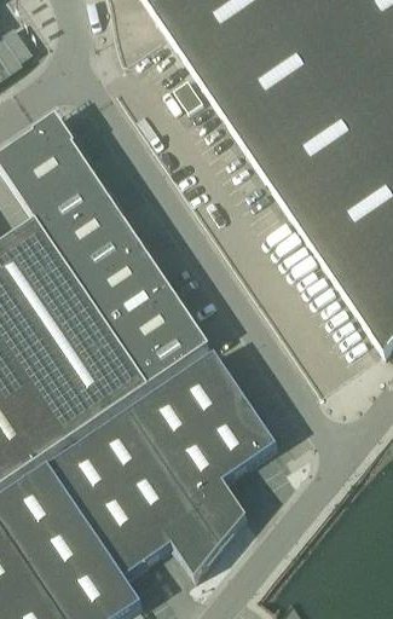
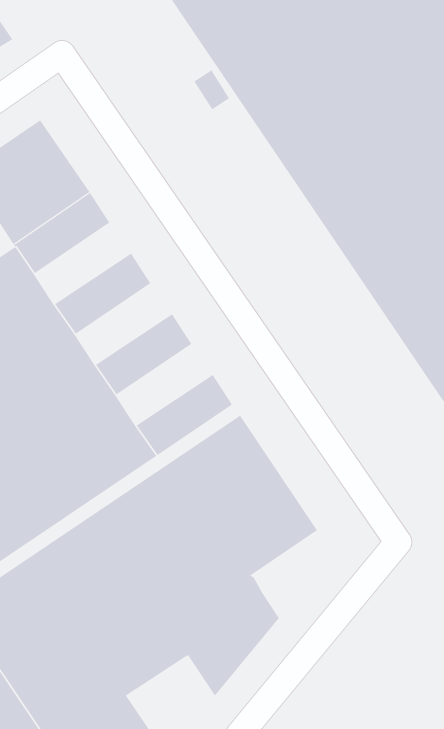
building: [50,198,127,264] -> none
building: [82,247,160,312] -> none
building: [115,295,192,360] -> none

